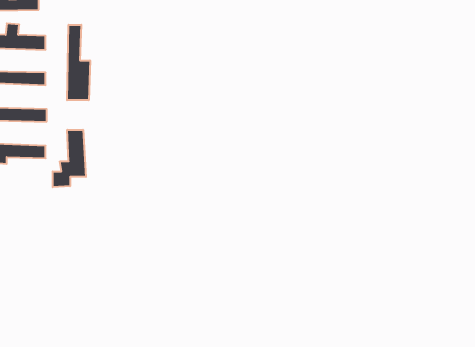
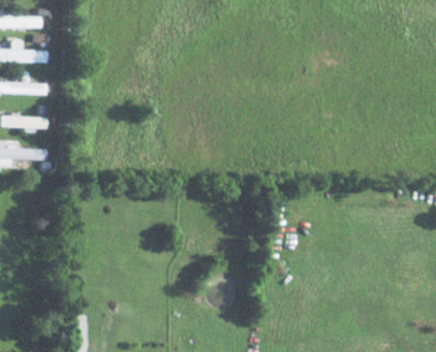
building: [67,25,90,100] -> none
building: [53,130,86,187] -> none

